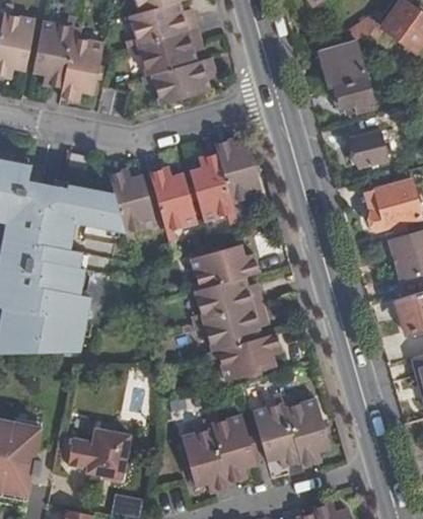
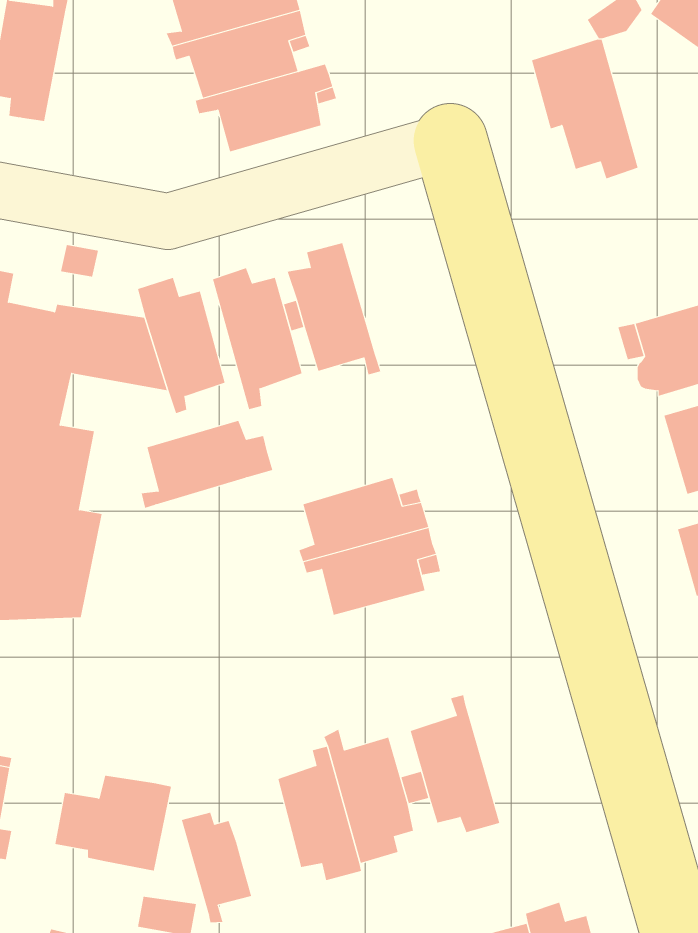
building: [59,27,102,99] -> none
building: [351,134,387,170] -> none
building: [215,136,263,209] -> none
building: [189,243,259,290] -> [141,420,273,509]
building: [208,329,280,374] -> none
building: [283,391,330,461] -> none
building: none -> [181,812,252,923]

